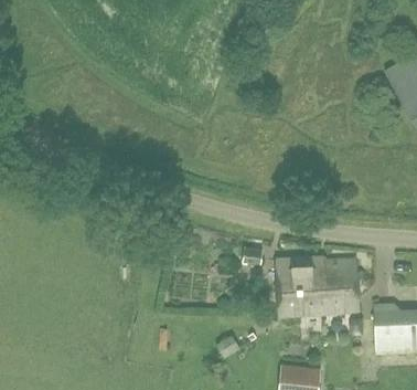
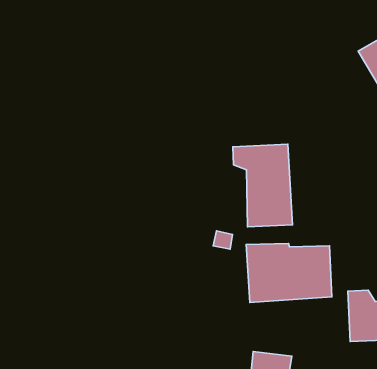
building: none -> [233,144,293,227]

